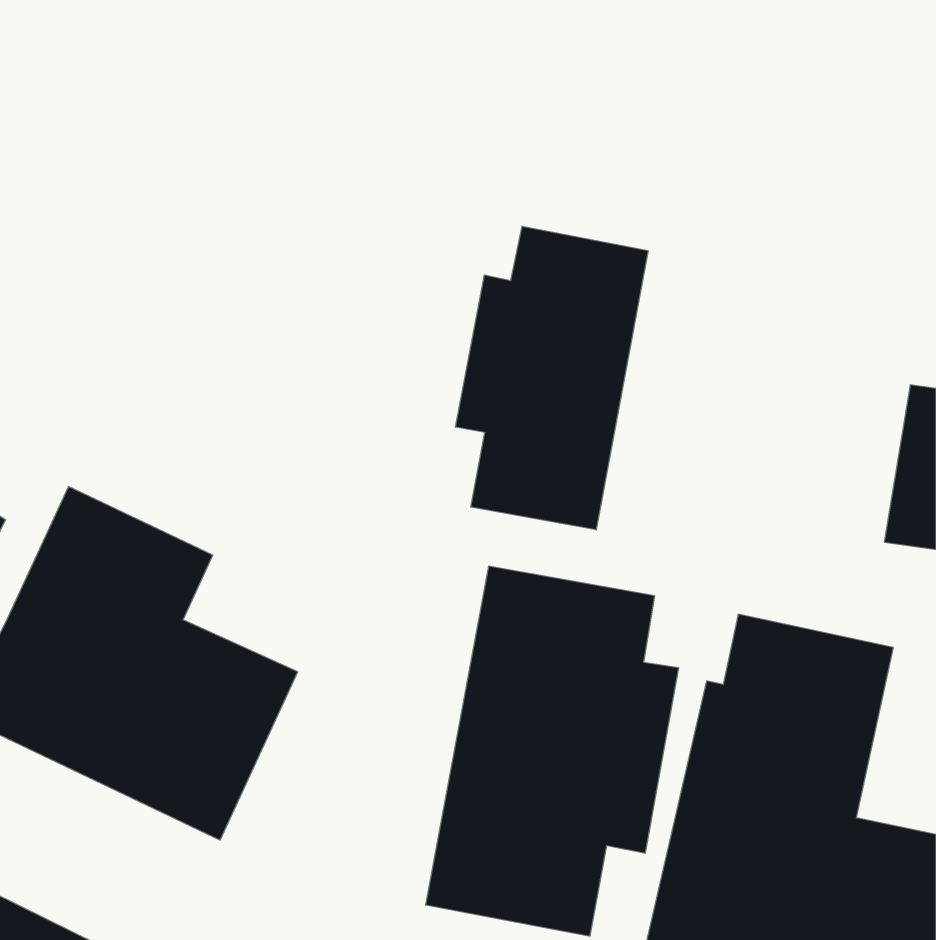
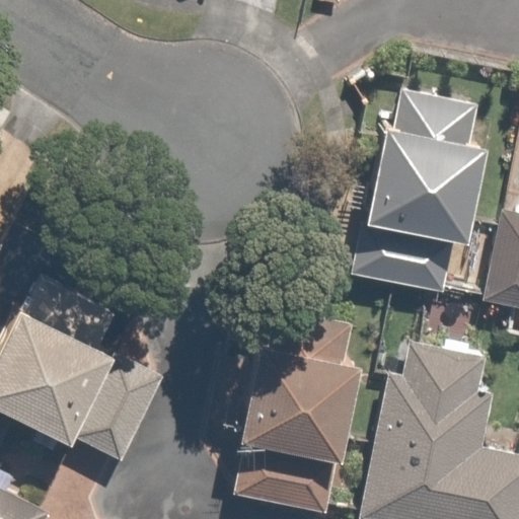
building: none -> [361,93,491,296]
building: [455,226,648,530] -> none

